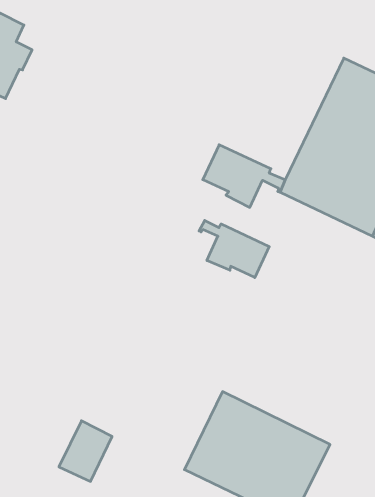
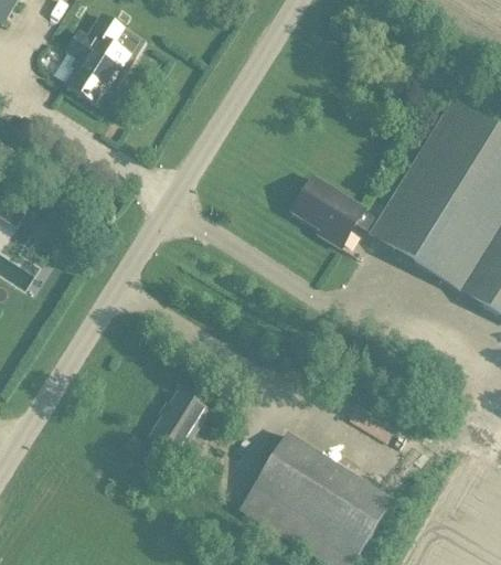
building: [199,220,269,278] -> none
building: [59,421,112,481] -> [149,390,207,454]

